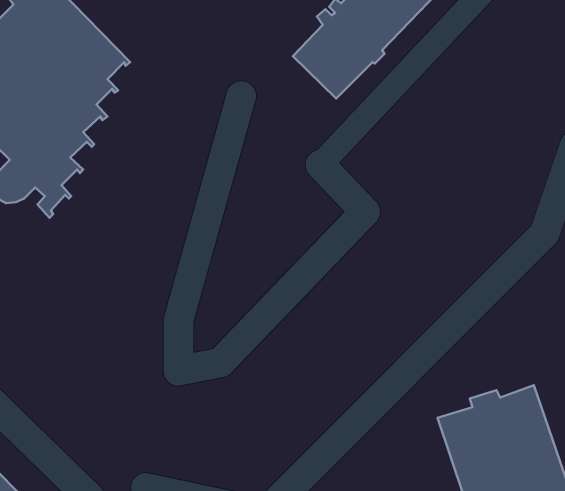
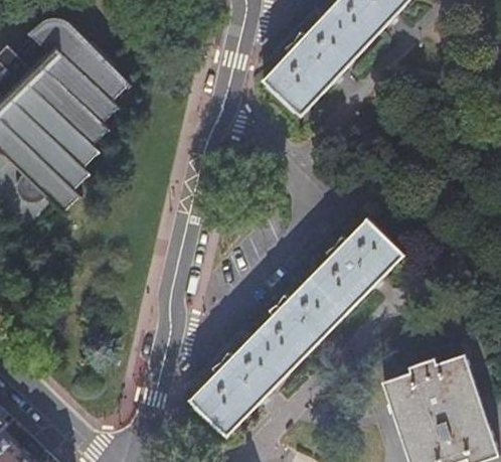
building: none -> [188,221,403,436]

